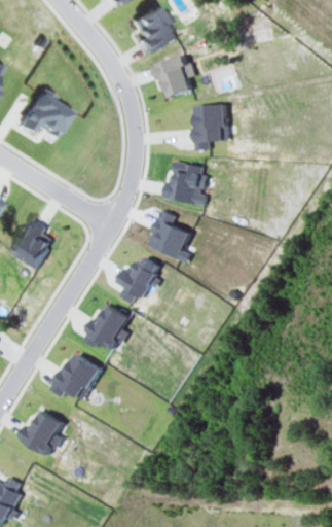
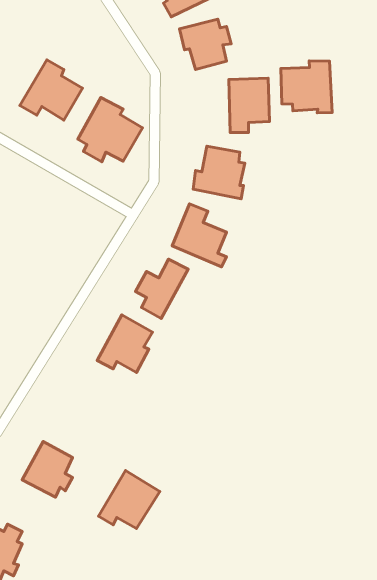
building: none -> [281,61,332,113]
building: none -> [78,97,142,162]
building: [10,220,51,269] -> none
building: [49,352,101,400] -> [98,471,160,528]

